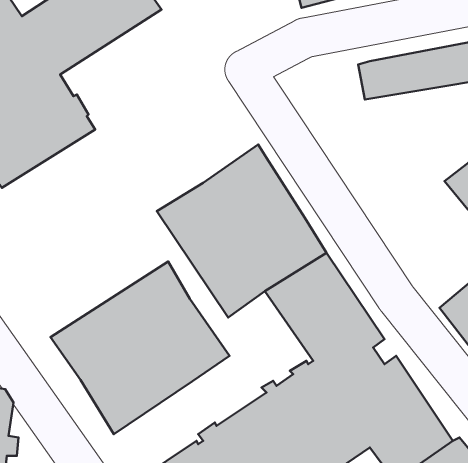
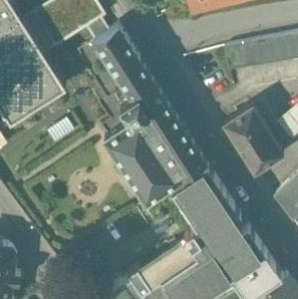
building: none -> [97,30,166,121]
building: none -> [225,105,285,173]
building: [50,262,230,434] -> none

